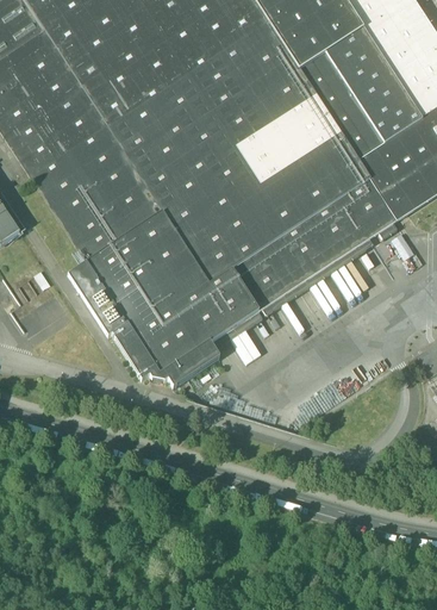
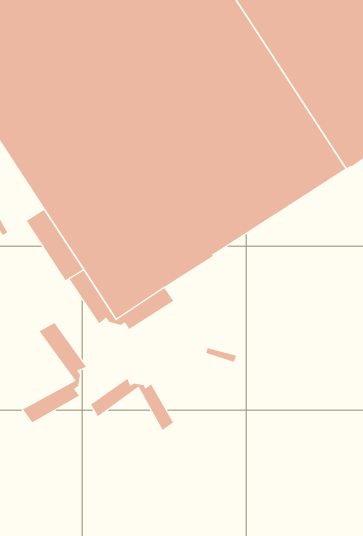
building: none -> [22,322,87,423]
building: none -> [90,378,174,431]

